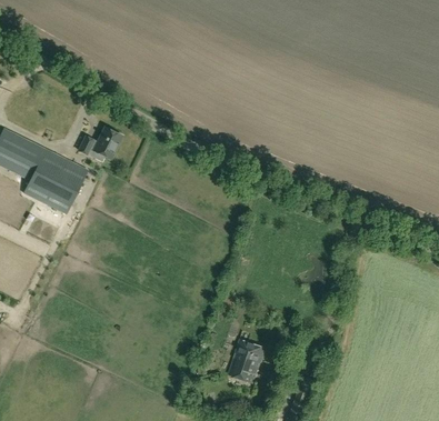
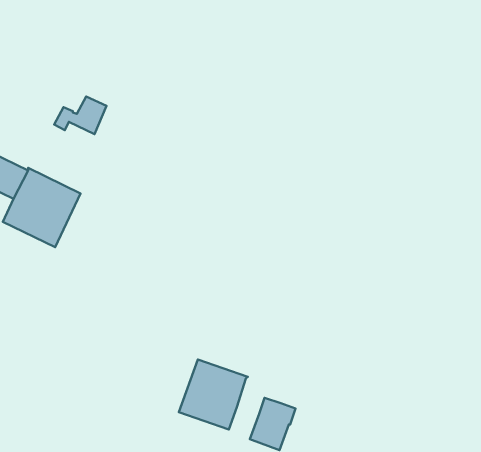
building: [77,127,120,158] -> [54,96,106,134]
building: none -> [179,360,248,429]

